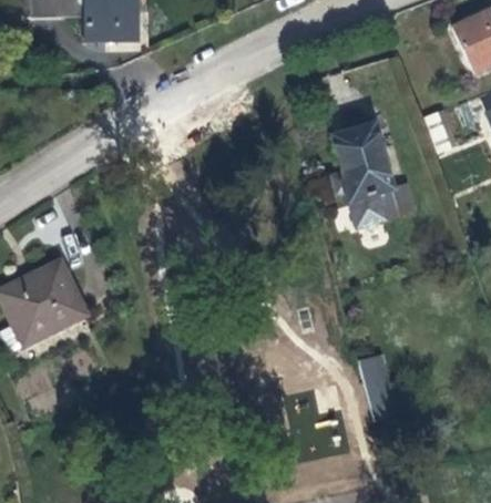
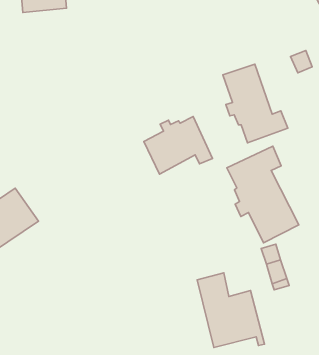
building: none -> [144,116,213,174]
building: none -> [227,146,299,243]

